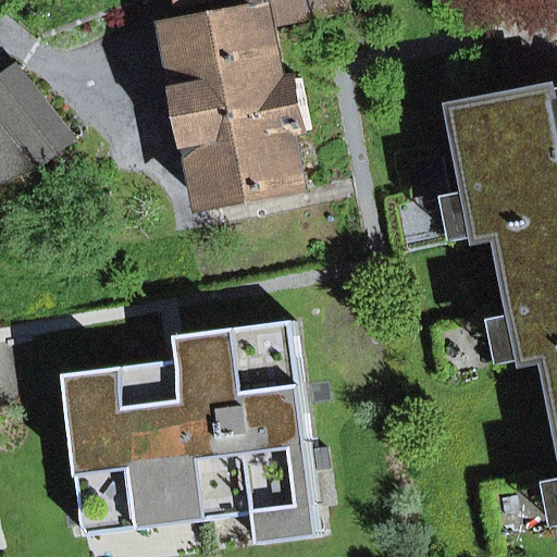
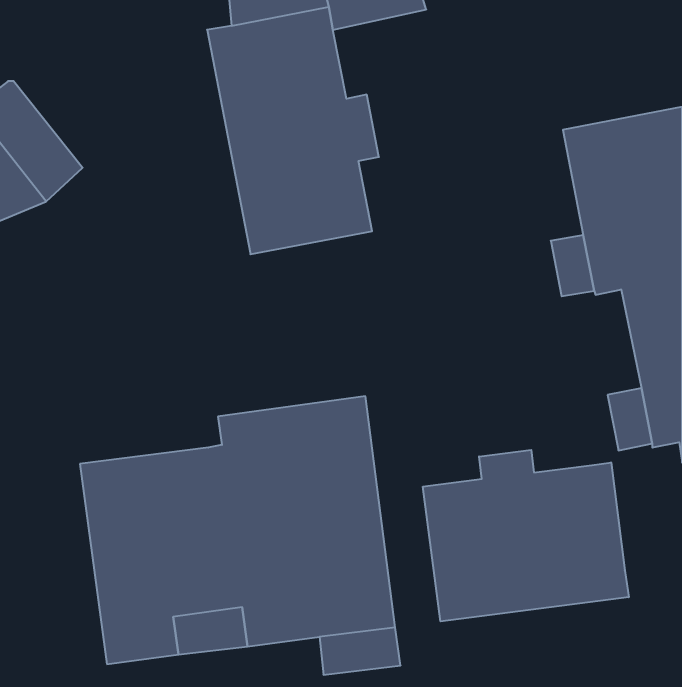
building: none -> [423,450,629,621]

